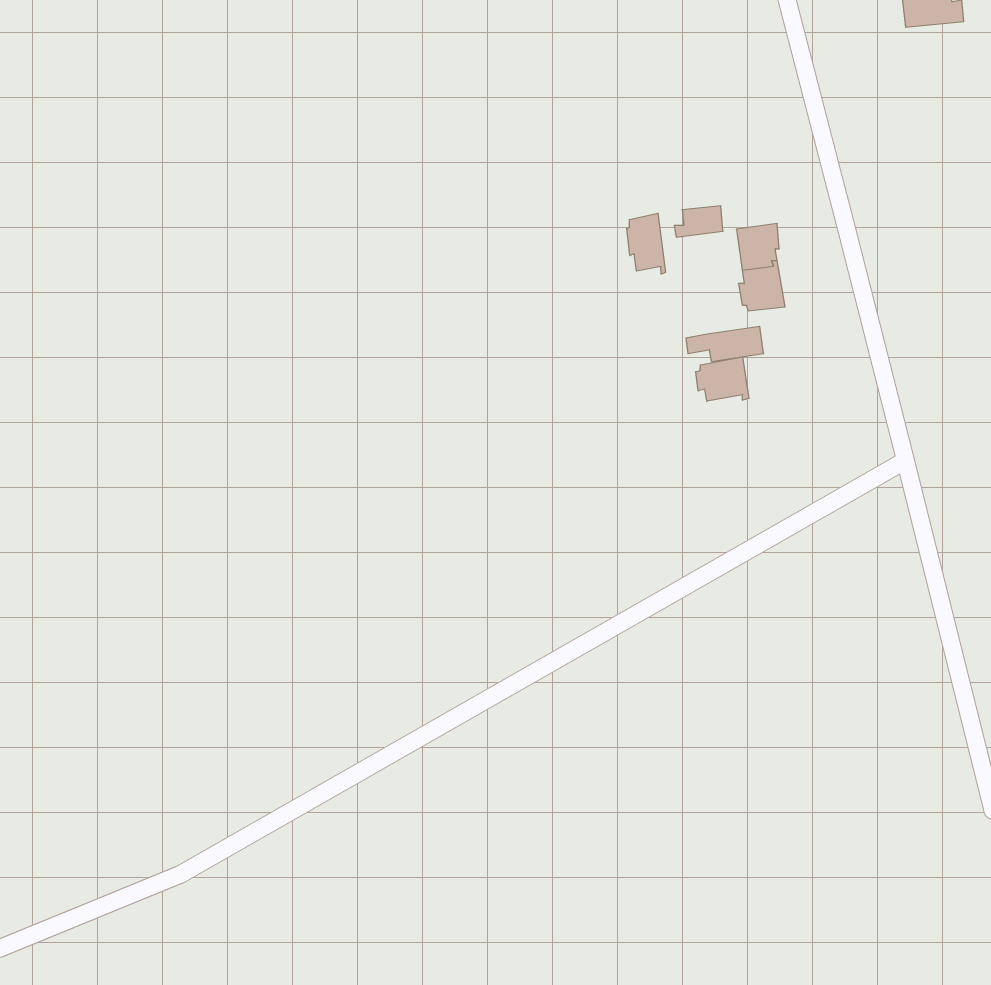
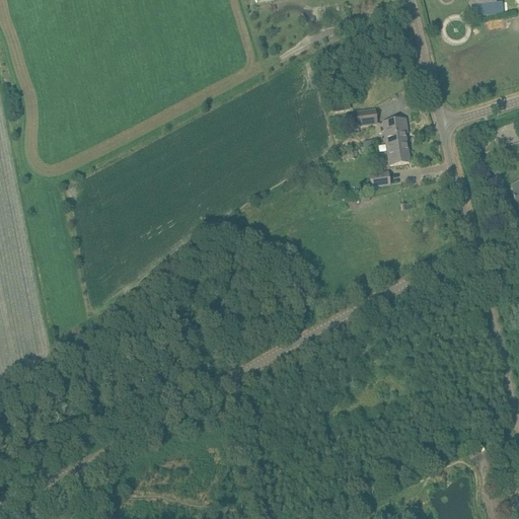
building: [627,213,665,274] -> none
building: [696,357,749,401] -> none

